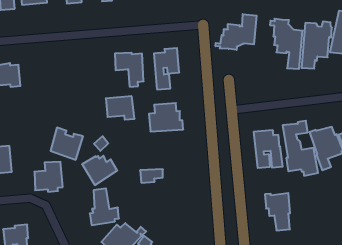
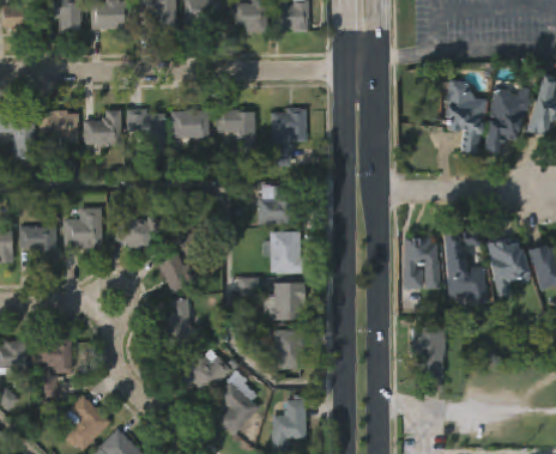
building: [216,14,257,50] -> none
building: none -> [127,109,165,153]
building: none -> [84,109,122,144]
building: [106,96,135,120] -> [171,110,210,143]
building: none -> [262,231,306,273]
building: [34,162,63,192] -> [62,207,102,249]
building: none -> [264,283,306,321]
building: none -> [272,331,304,368]

